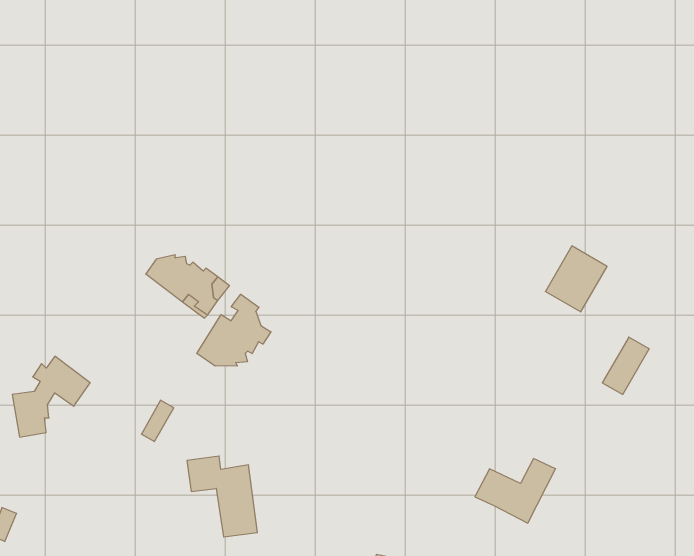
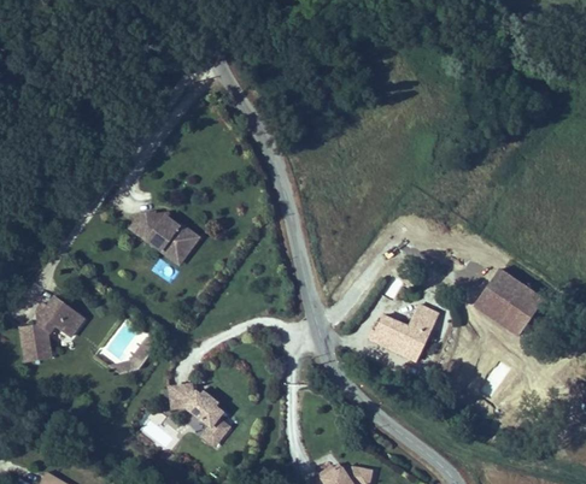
building: [545,246,607,312] -> [476,265,527,319]
building: [197,294,271,366] -> none
building: [475,459,556,523] -> [373,305,439,358]

